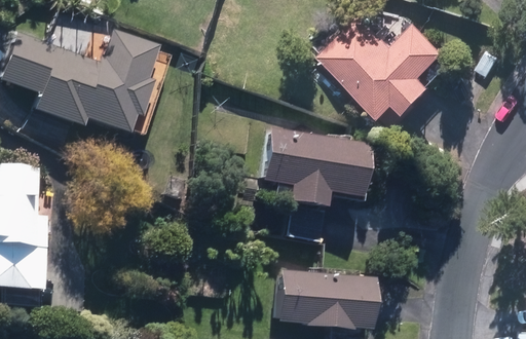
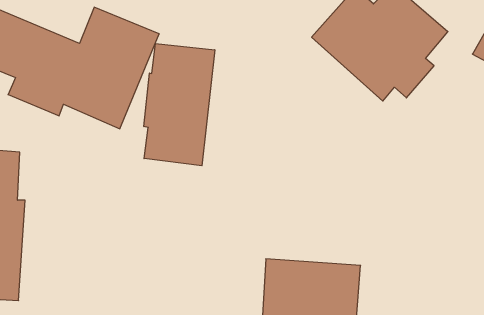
building: none -> [144,44,215,166]
building: [253,129,361,209] -> none

